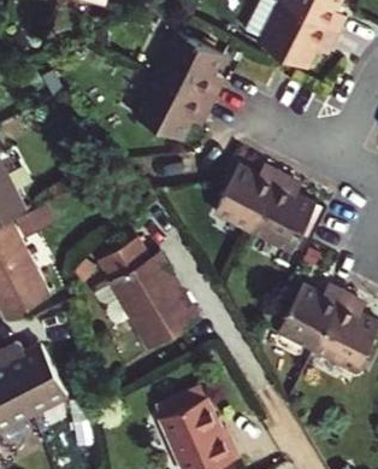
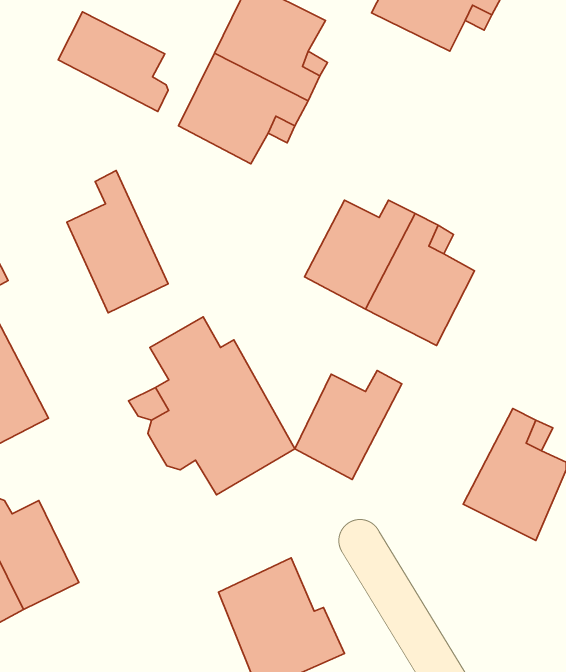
building: none -> [58,12,168,112]
building: none -> [67,171,168,313]
building: [276,285,343,353] -> [295,370,402,479]

